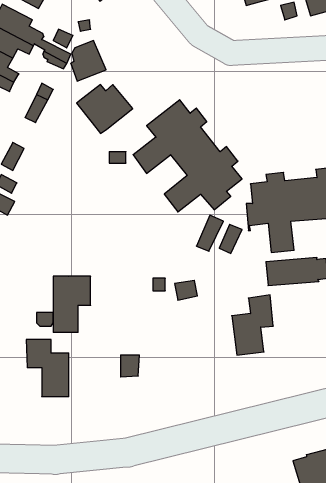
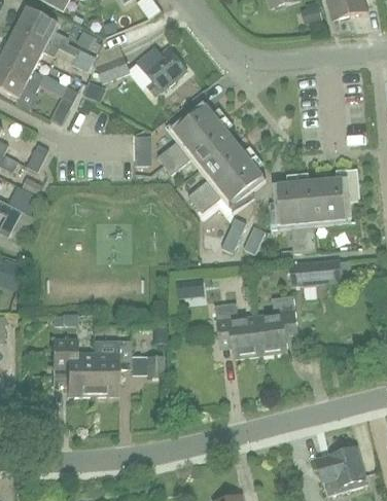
building: [77,85,133,133] -> [131,46,186,95]
building: [53,276,91,332] -> [94,339,131,395]
building: none -> [214,301,260,357]

